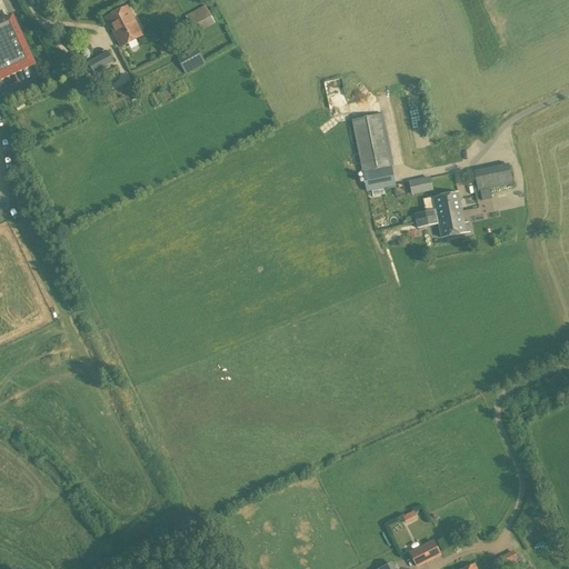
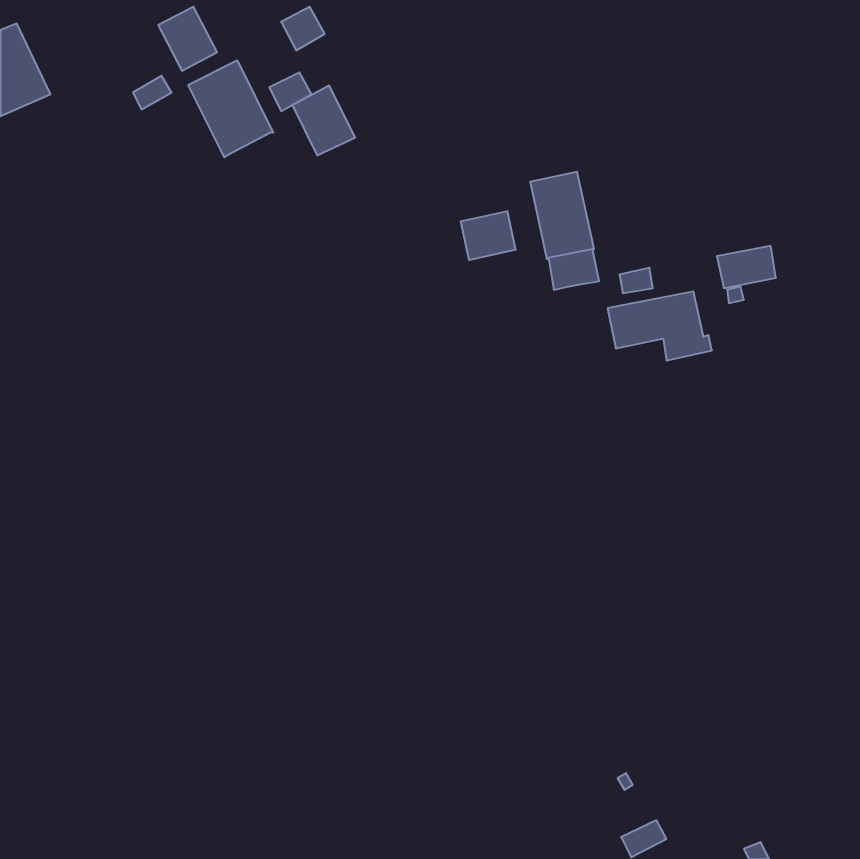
building: none -> [188,60,273,157]
building: none -> [292,85,355,156]
building: none -> [461,211,515,260]

